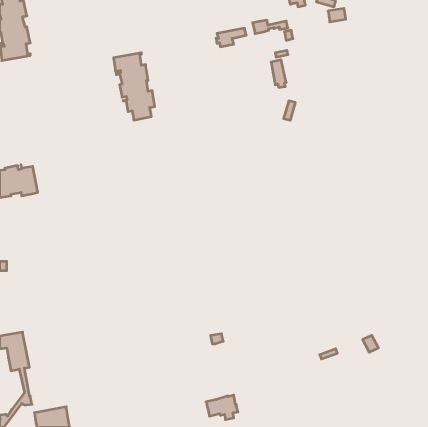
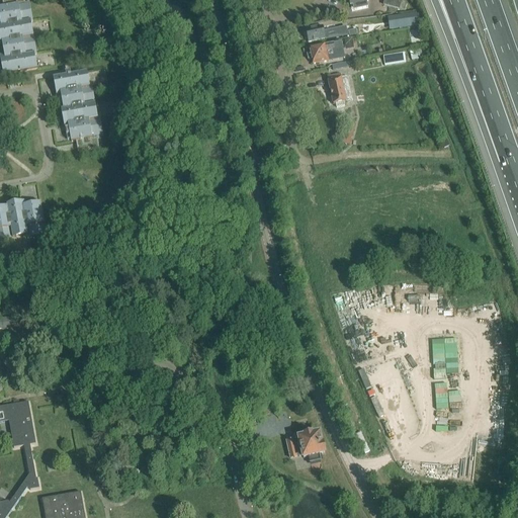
building: [216,28,246,47] -> [307,39,343,62]
building: [114,53,155,120] -> [53,69,102,150]
building: [206,395,238,420] -> [285,431,324,460]

